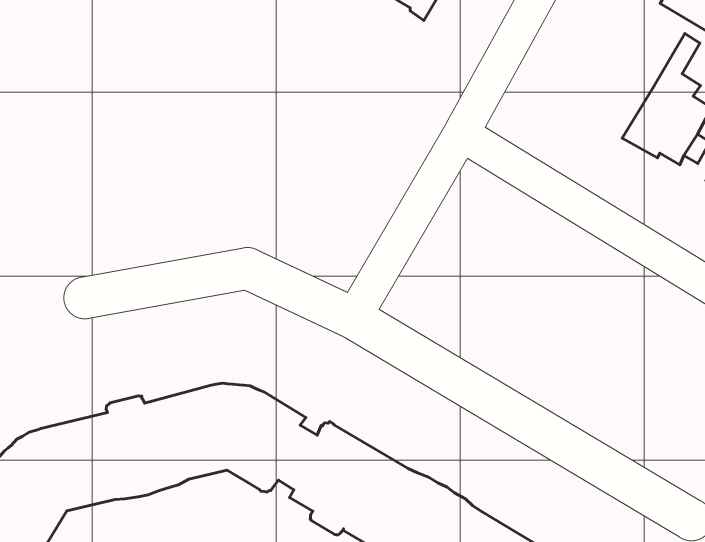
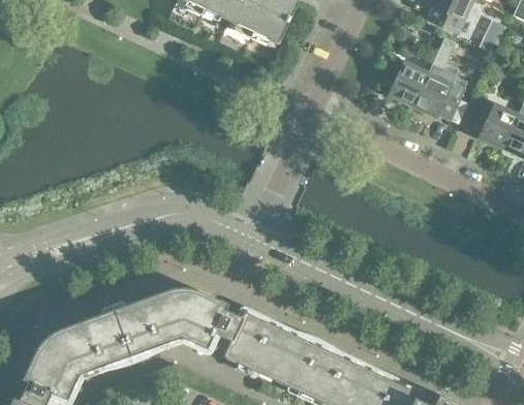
building: none -> [378,56,429,107]

